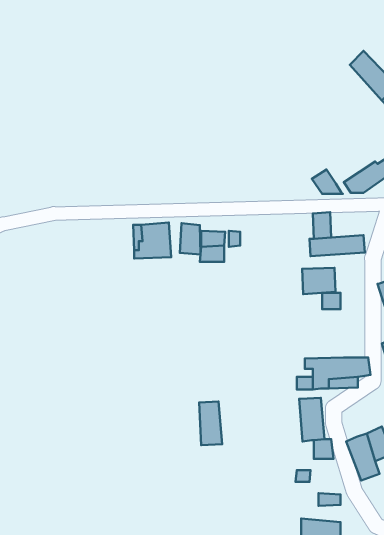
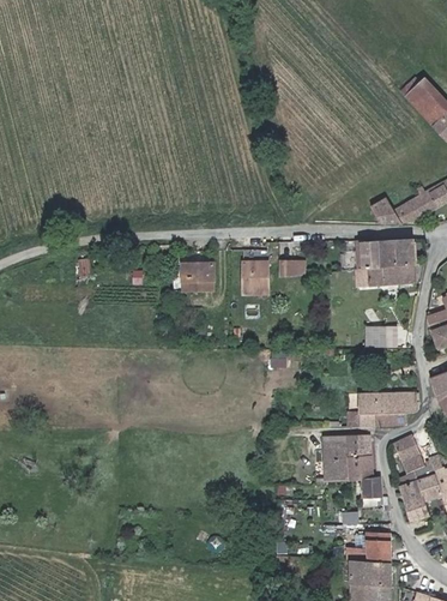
building: [180,223,201,254] -> none
building: [302,268,336,294] -> [377,240,412,268]
building: none -> [393,434,424,474]
building: [199,401,222,445] -> [325,435,349,481]
building: none -> [345,546,388,564]

